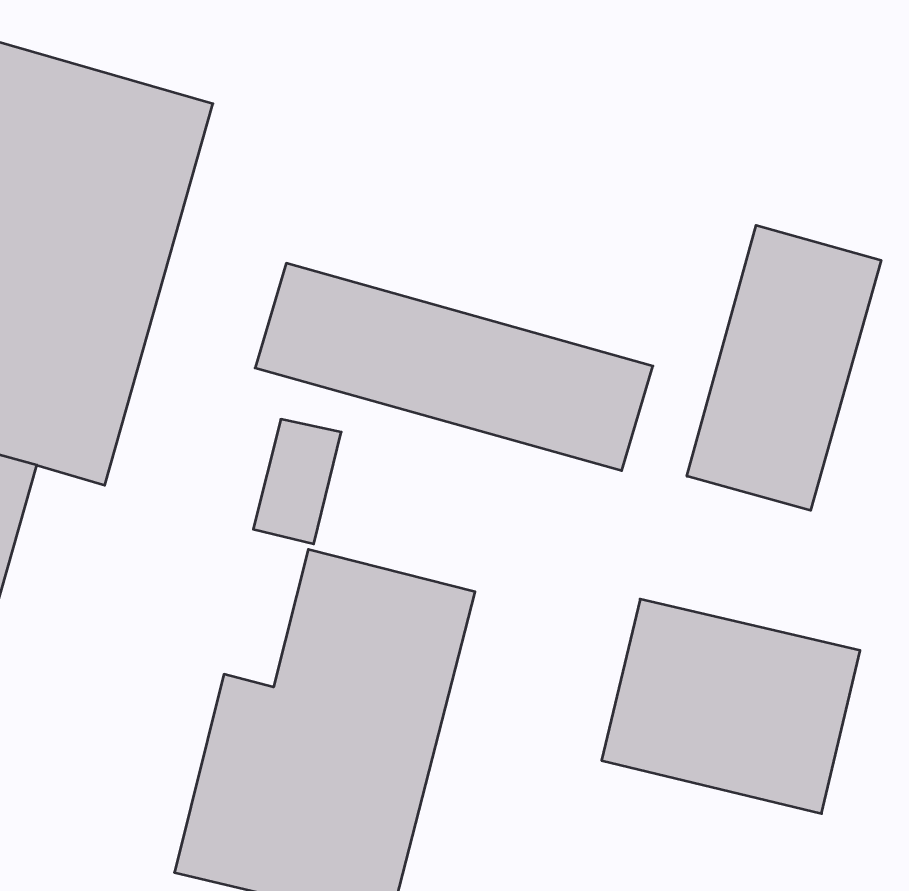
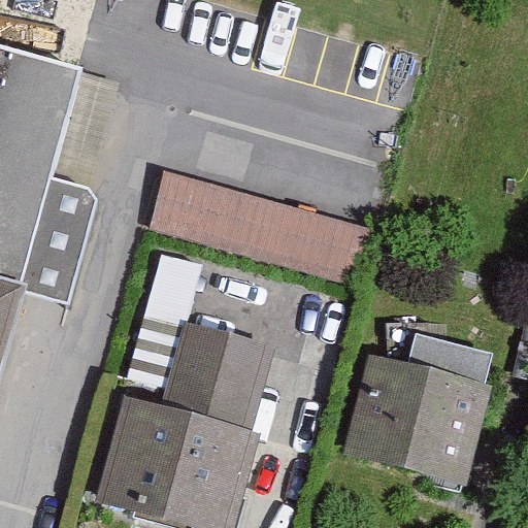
building: [687,225,881,510] -> none

